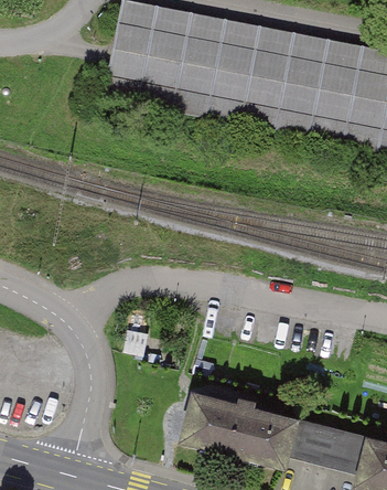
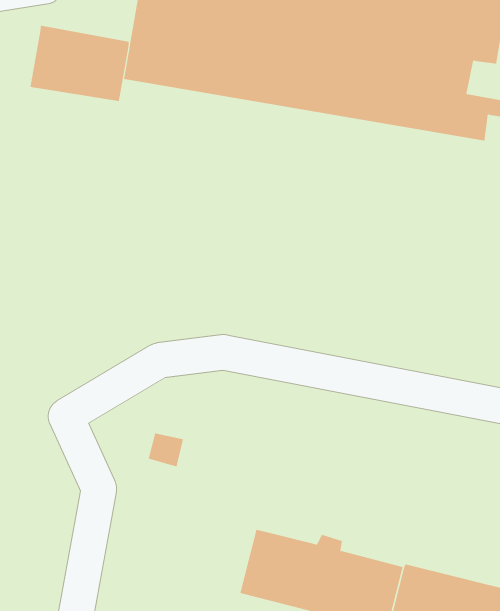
building: none -> [30,25,129,102]

